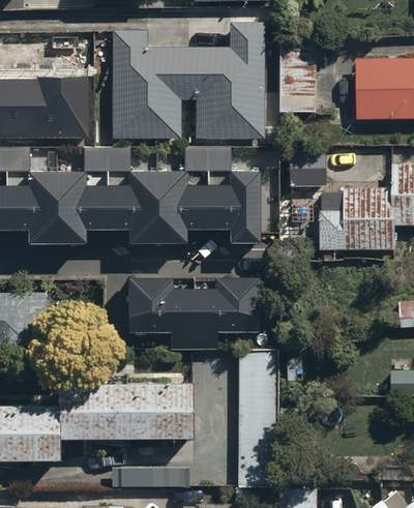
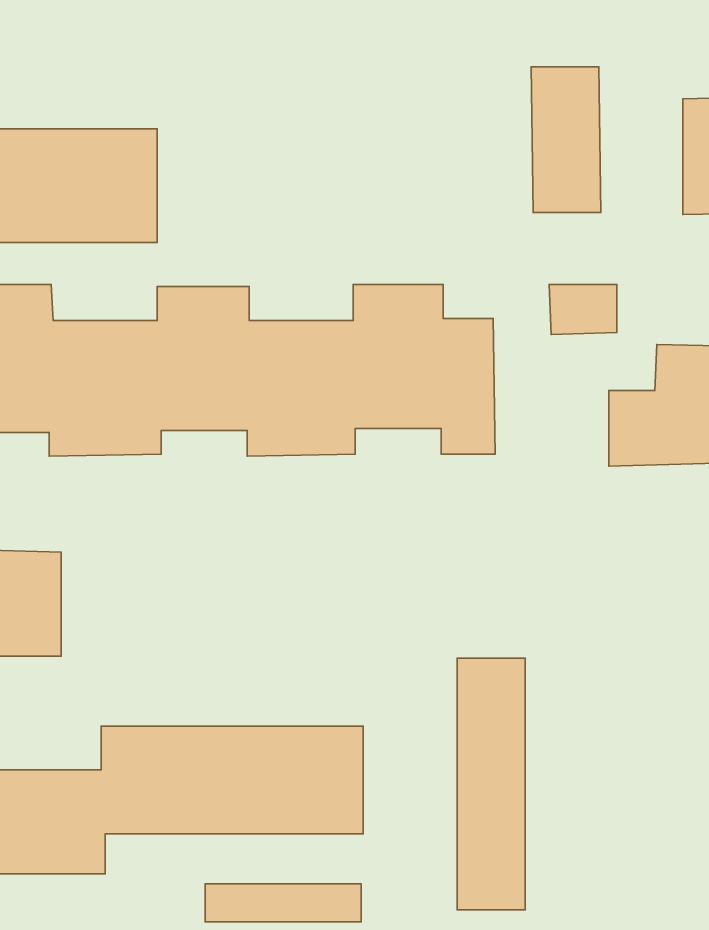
building: [113,28,262,136] -> none
building: [125,275,257,356] -> none

